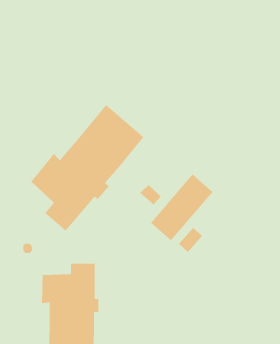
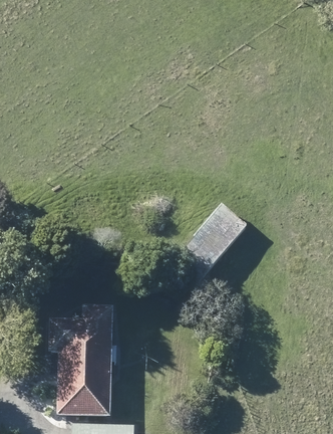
building: [30,104,144,231] -> none

